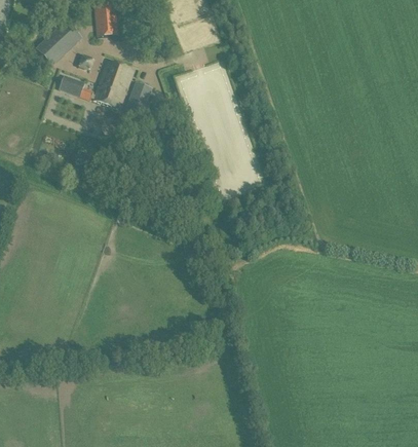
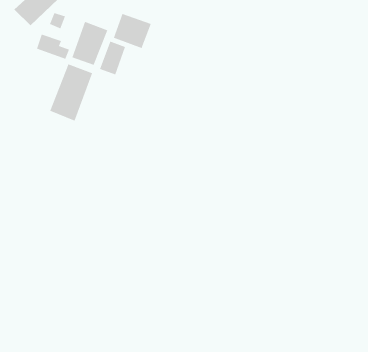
building: none -> [113,13,151,49]
building: none -> [50,64,93,122]

